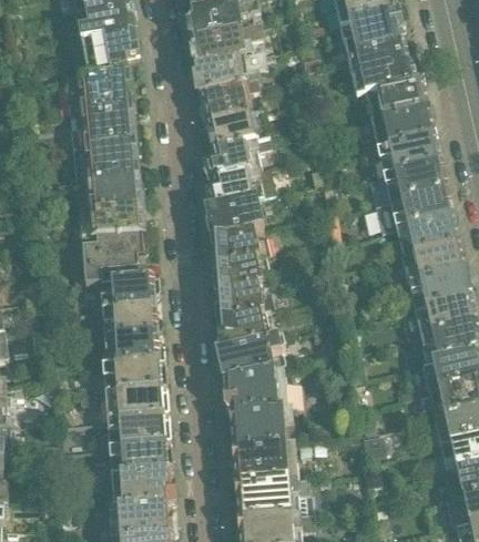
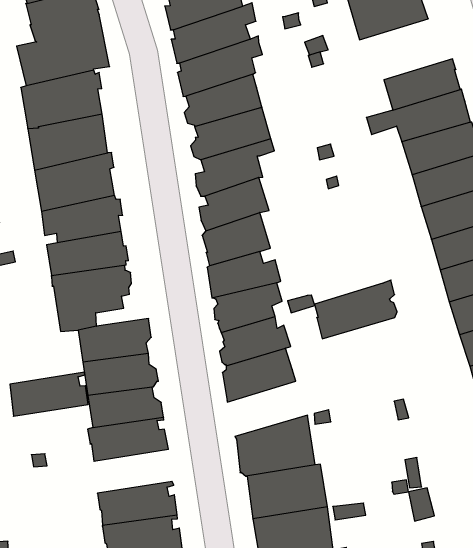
building: [347,47,422,95] -> none
building: [217,335,285,379] -> [314,280,397,339]
building: [104,386,167,418] -> [10,372,88,416]

